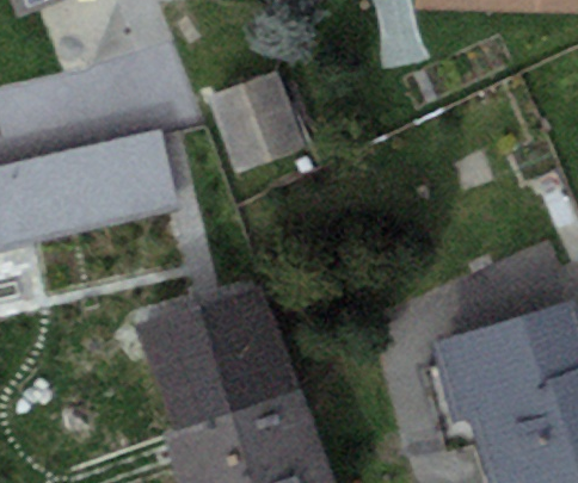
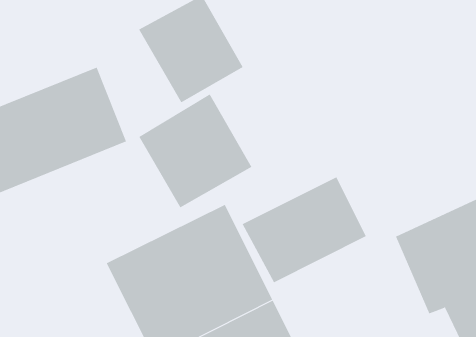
building: none -> [138,94,252,208]
building: none -> [242,177,366,283]

